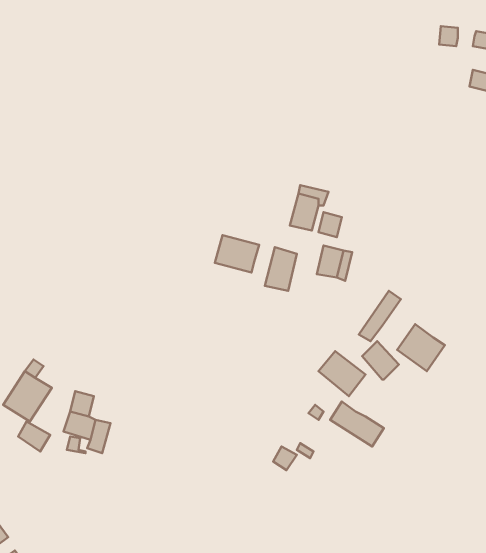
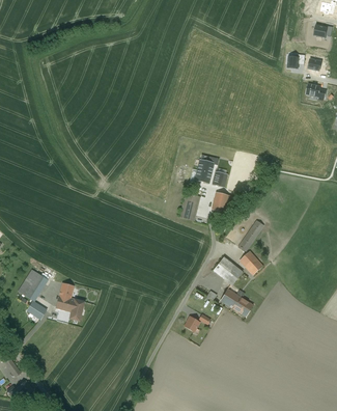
building: [215,235,259,272] -> none
building: [397,324,445,371] -> none

